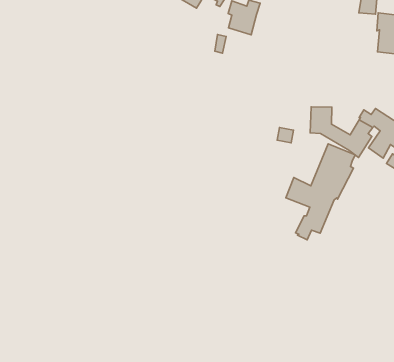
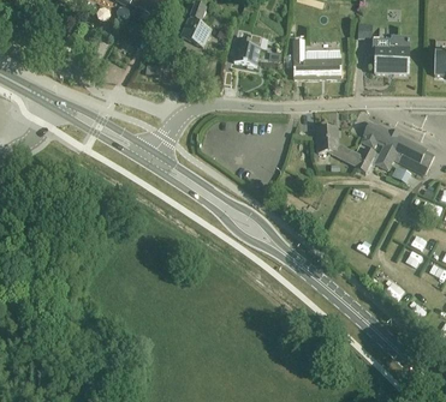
building: none -> [292,40,339,78]
building: [286,144,355,240] -> none

